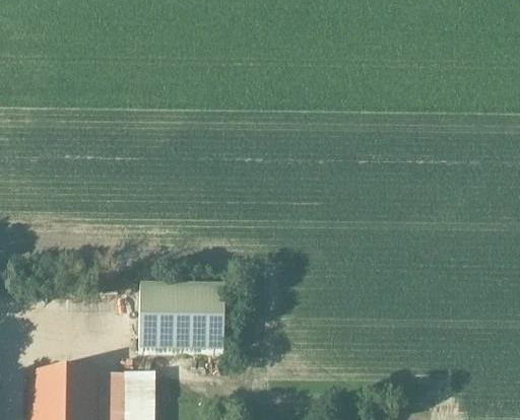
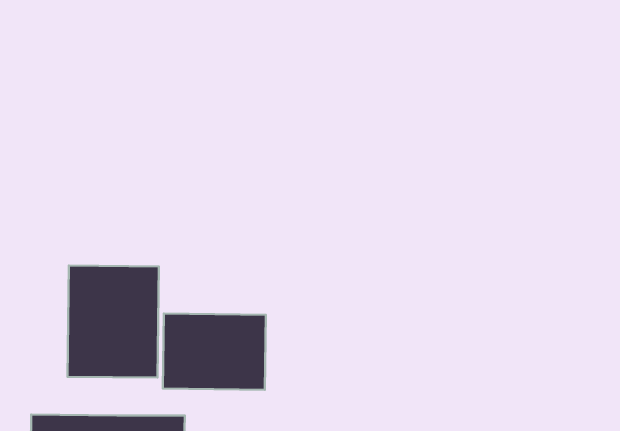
building: none -> [67,266,159,377]

